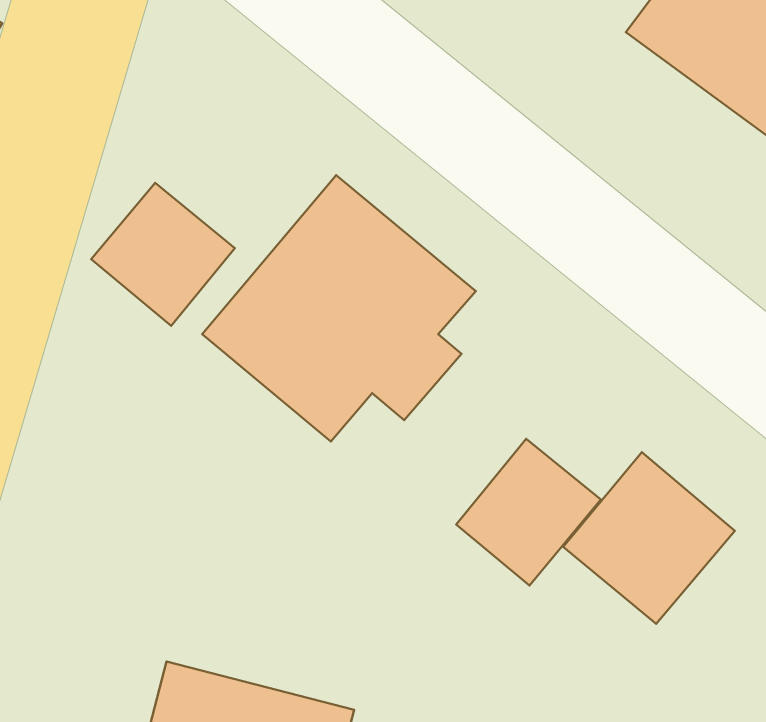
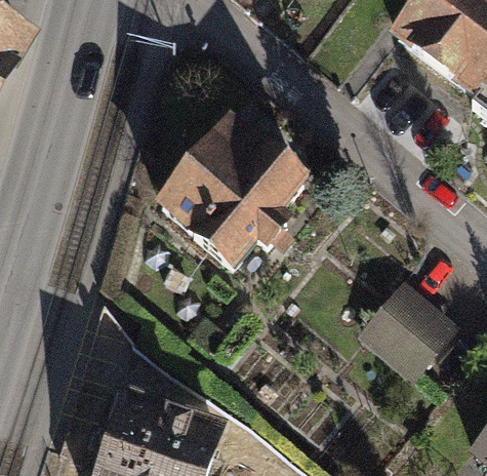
building: [91,183,235,326] -> none
building: [456,439,601,585] -> none

